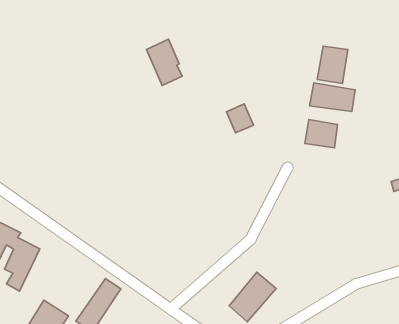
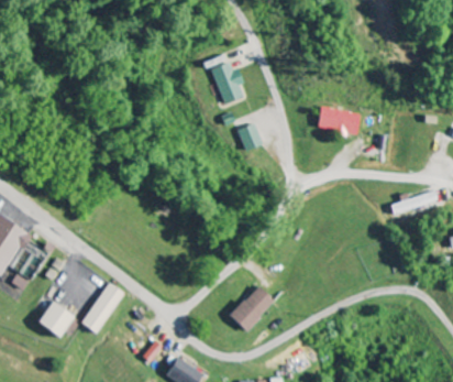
building: [146,39,182,85] -> [210,59,243,103]
building: [317,46,348,84] -> none
building: [305,119,338,148] -> none

